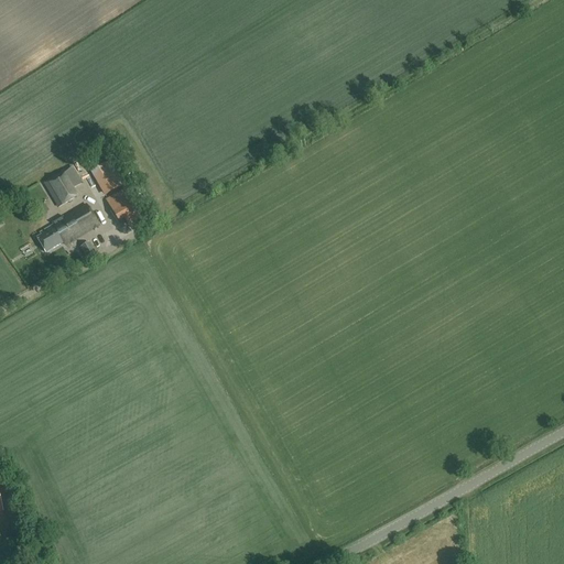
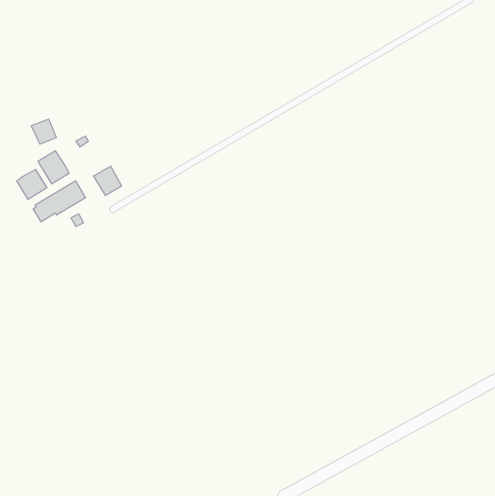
building: [90,163,119,192] -> [31,119,56,144]
building: none -> [17,169,47,199]

